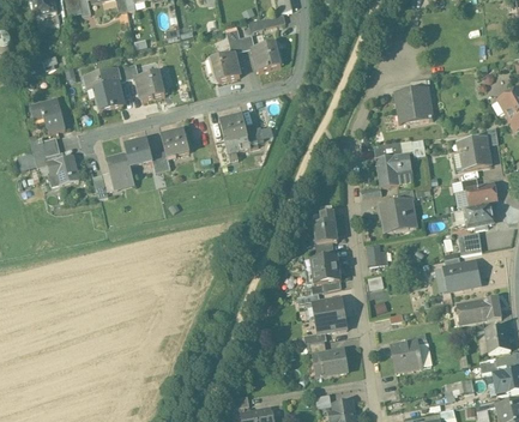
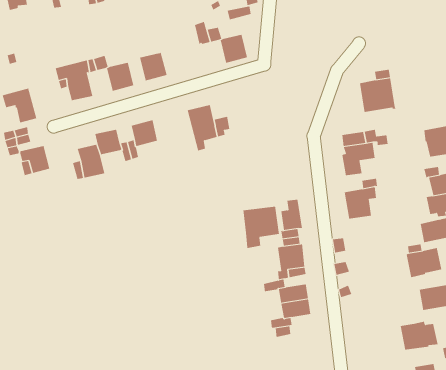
building: [210,52,239,82] -> [139,52,167,81]
building: none -> [243,206,279,249]
building: [391,340,430,370] -> [400,321,438,350]
building: [314,350,345,376] -> none

